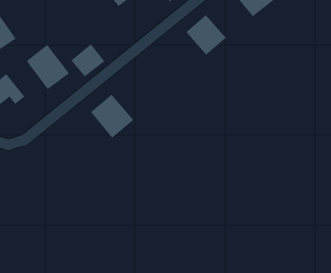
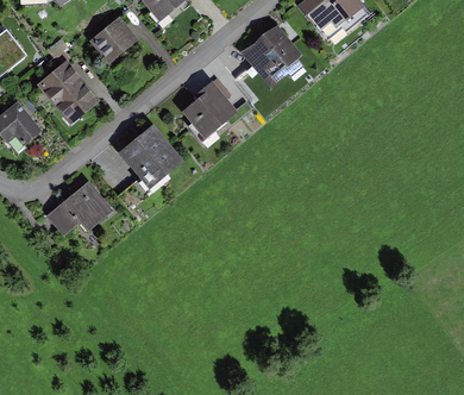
building: [71,44,105,77] -> [94,17,138,59]
building: none -> [189,83,237,131]
building: none -> [48,180,112,233]

